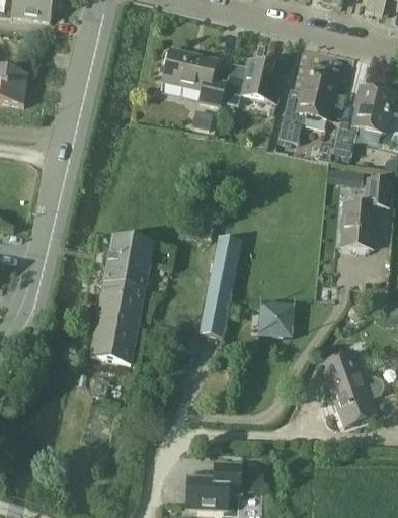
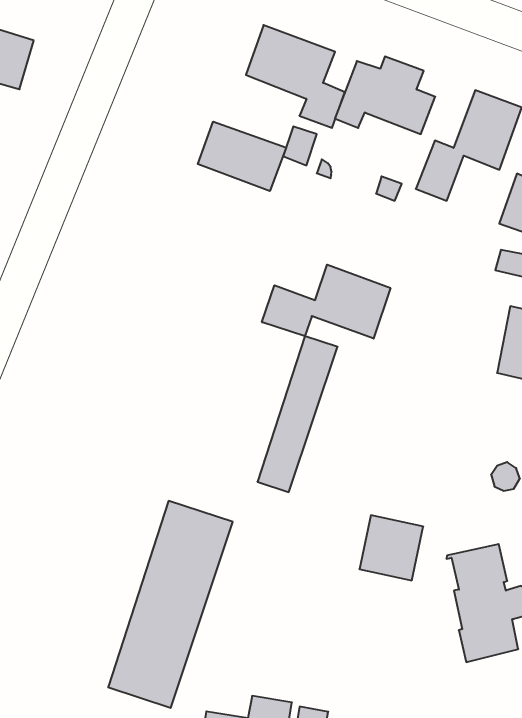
building: none -> [198,122,286,191]
building: none -> [262,265,390,339]
building: [90,234,155,362] -> [108,501,233,708]
building: [258,299,295,337] -> [359,515,423,580]

